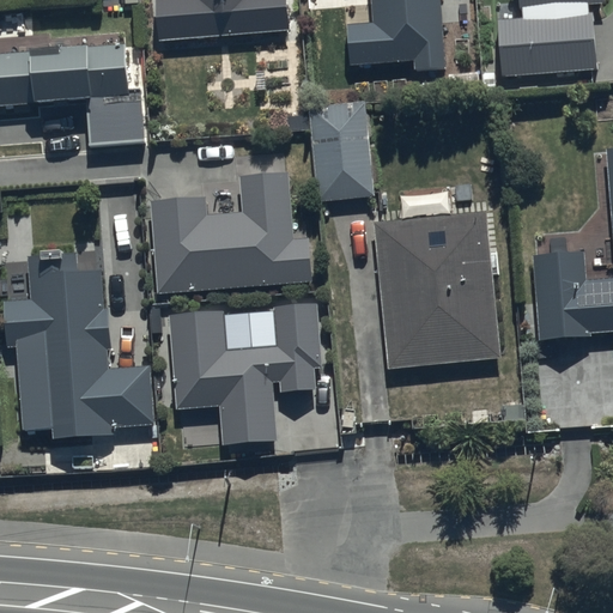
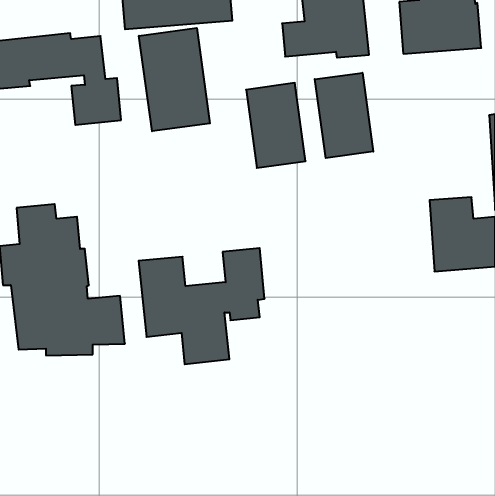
building: none -> [139,28,210,131]
building: none -> [315,73,373,158]
building: [148,172,315,297] -> none
building: [376,195,509,372] -> none

